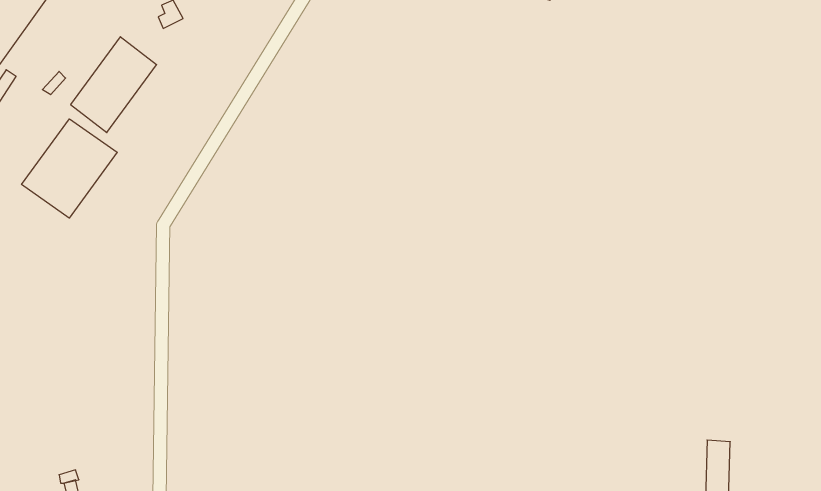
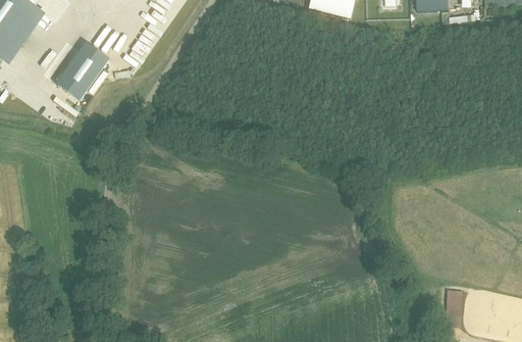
building: [22,119,117,218] -> none

